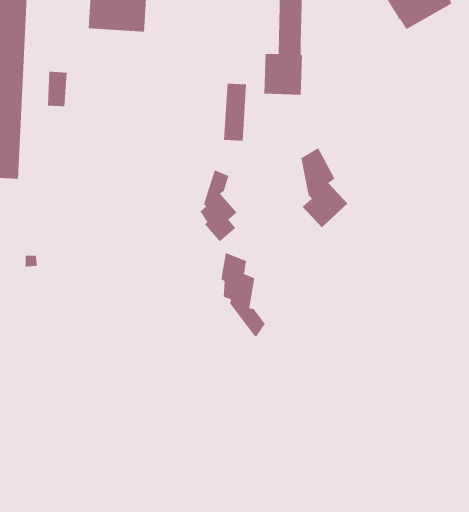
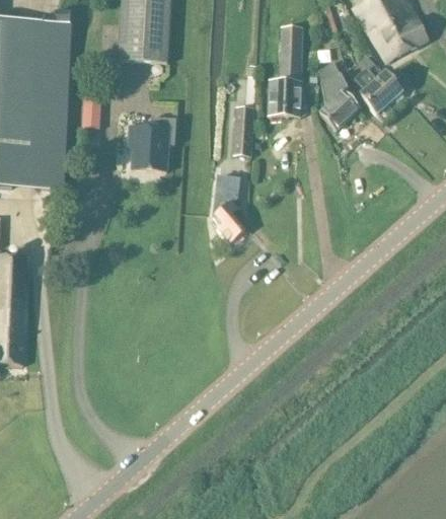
building: none -> [355,61,410,112]
building: none -> [131,115,176,169]
building: [301,148,348,228] -> [318,59,359,128]
building: [221,252,265,337] -> none

